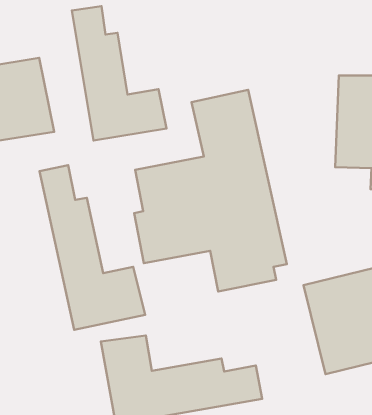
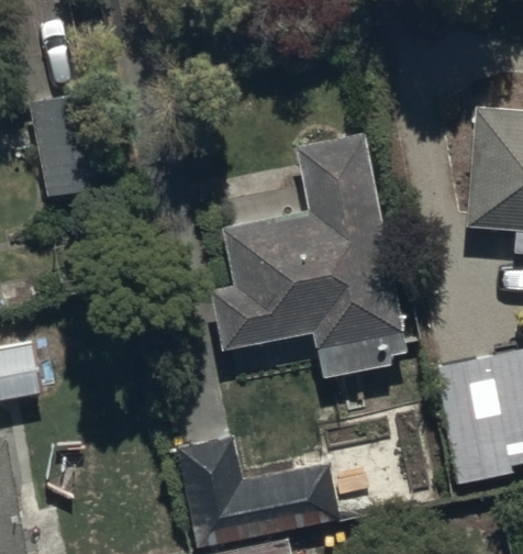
building: [72,6,167,140] -> none
building: [40,165,145,330] -> none

